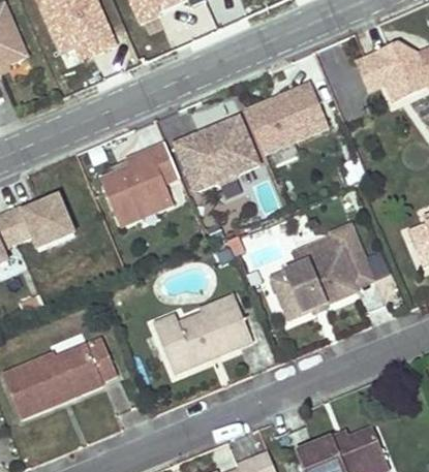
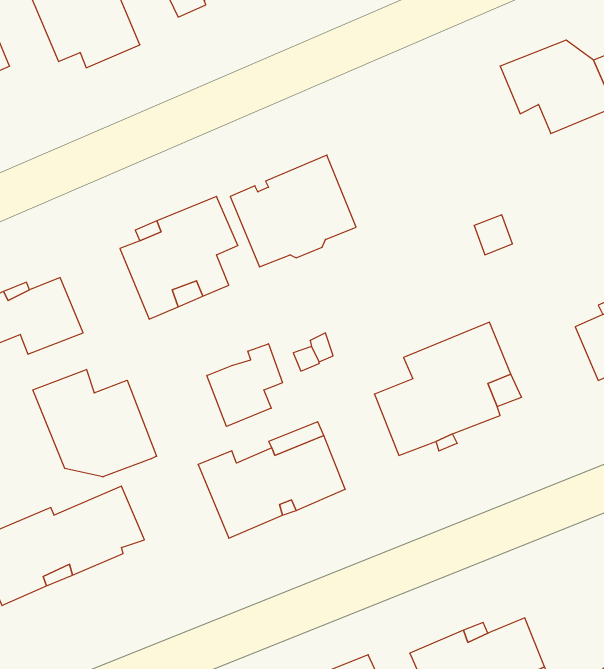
building: [246,83,330,153] -> none
building: none -> [207,344,282,426]
building: none -> [33,369,157,477]

